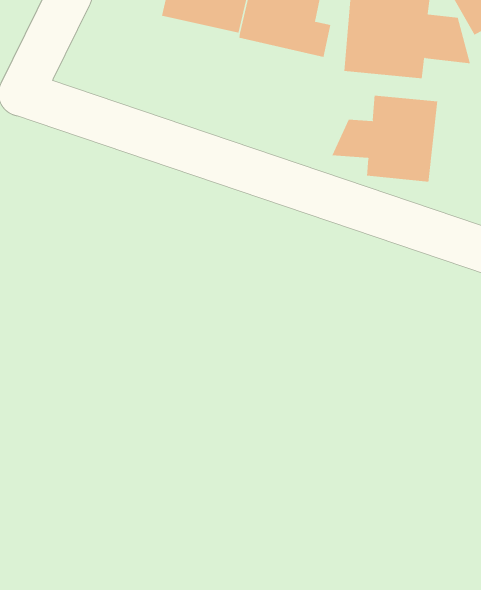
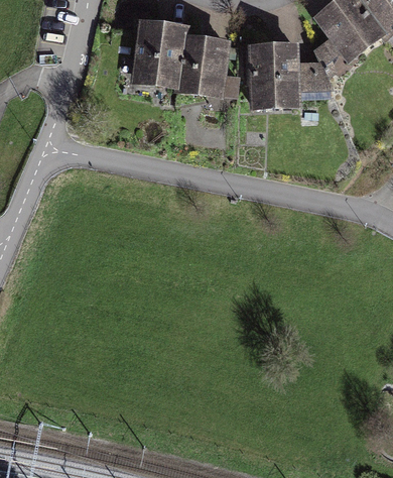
building: [332,95,438,182] -> none

